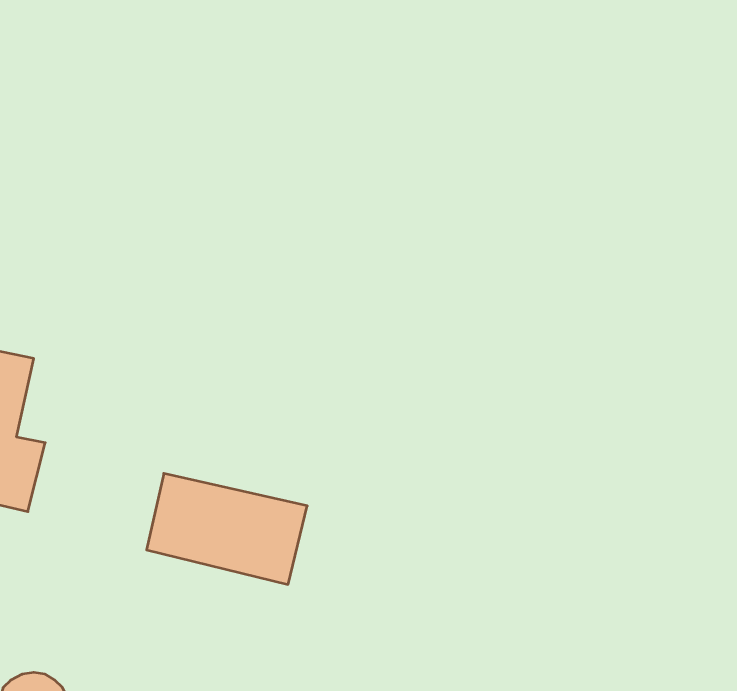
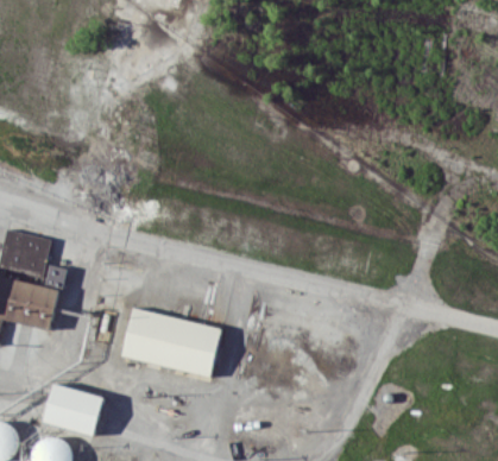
building: none -> [44,384,103,436]

